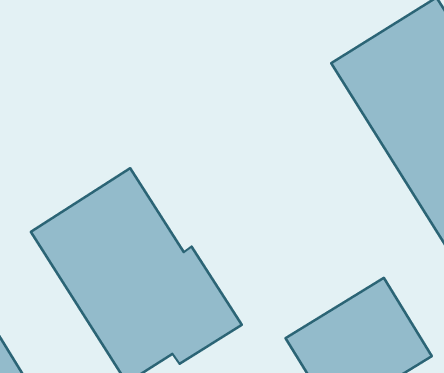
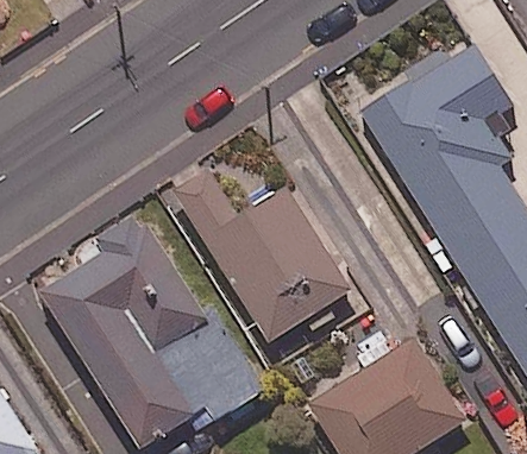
building: none -> [172,172,352,342]

